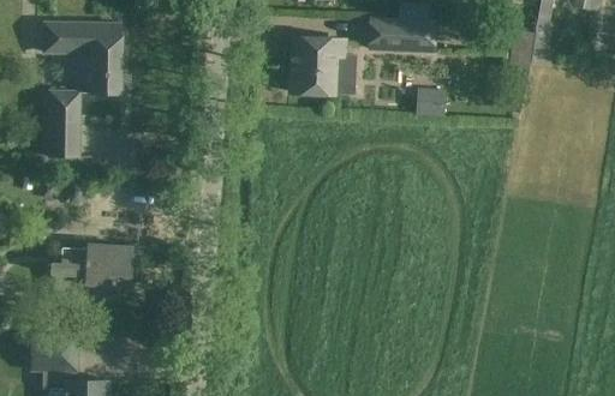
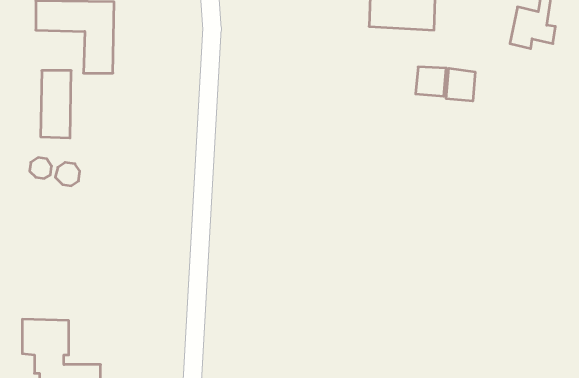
building: [289,38,356,94] -> none
building: none -> [446,68,475,101]
building: [50,244,131,292] -> none

